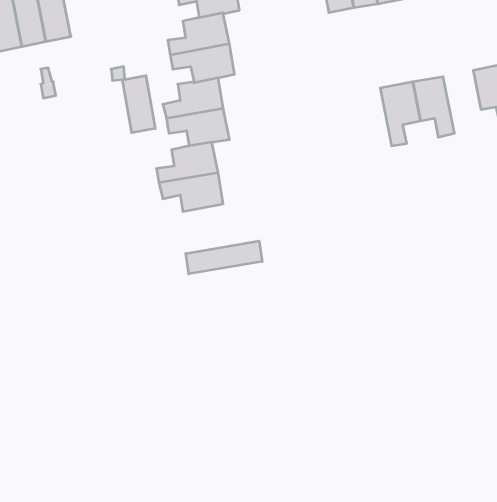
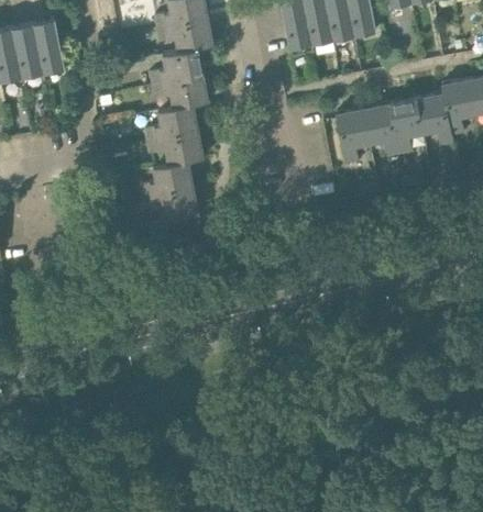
building: none -> [391,99,424,154]
building: [122,76,155,133] -> none
building: [186,241,262,274] -> none

